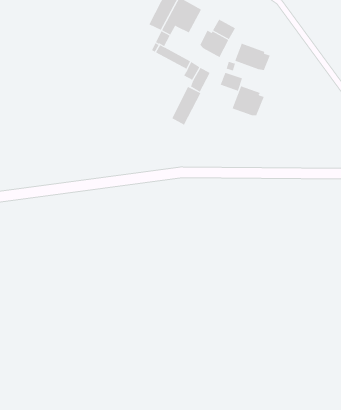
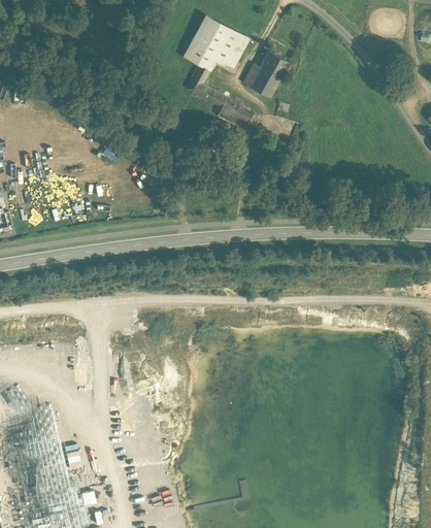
building: [234,43,271,71] -> none
building: [232,86,265,116] -> none
building: [172,86,201,126] -> none

